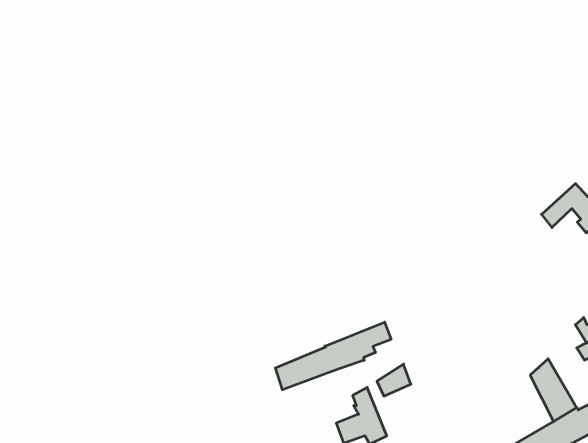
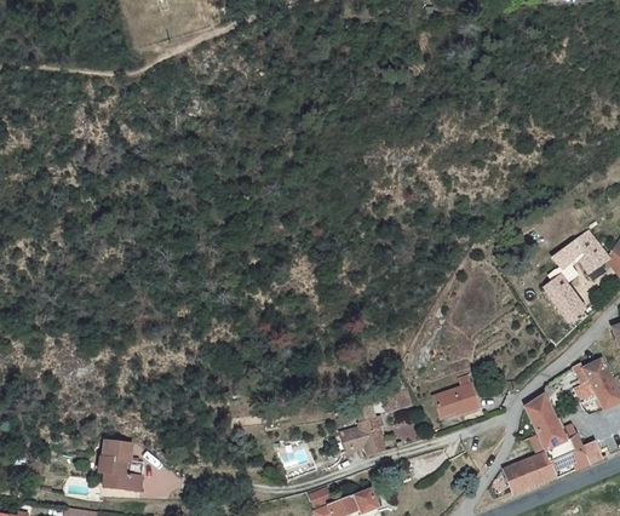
building: none -> [544,275,584,321]
building: [275,322,391,390] -> none
building: none -> [435,374,480,414]

